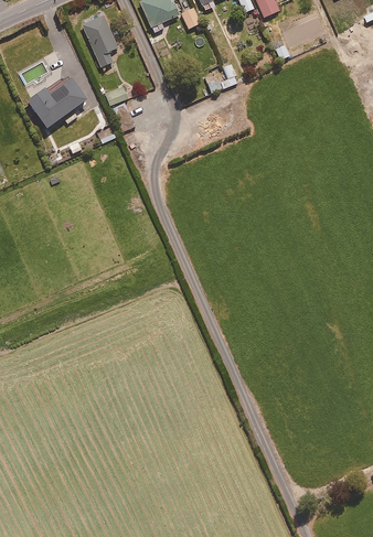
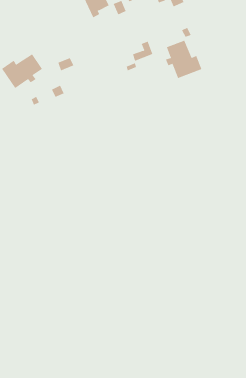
building: [82,13,117,65] -> none
building: none -> [165,40,202,79]

